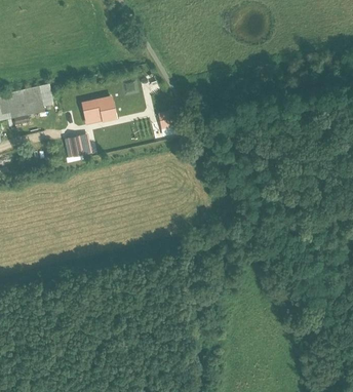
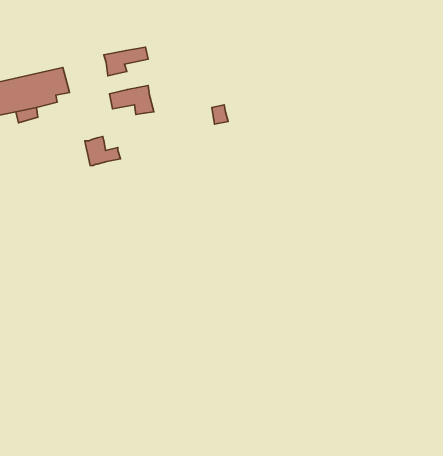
building: none -> [104,47,148,76]

